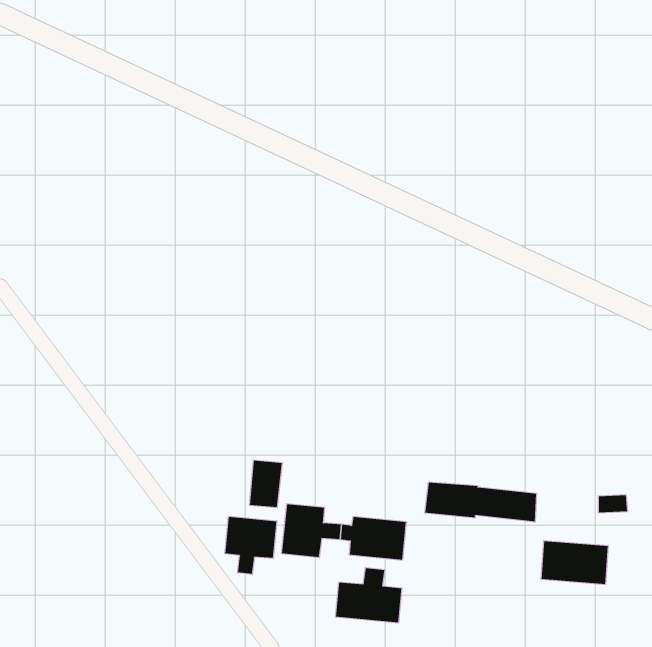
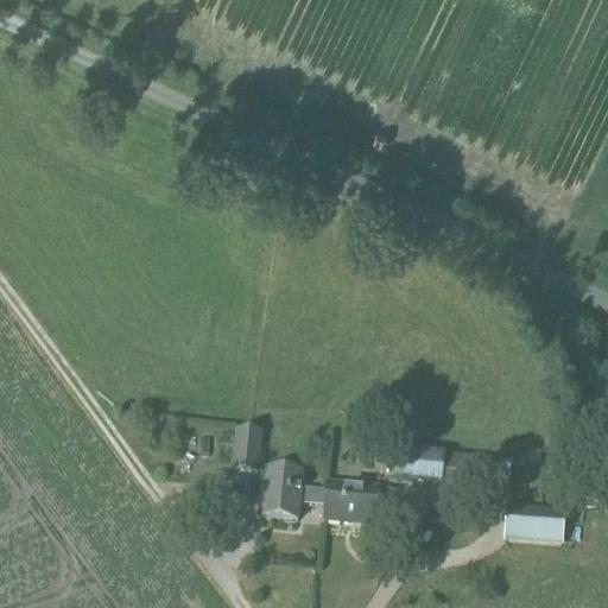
building: [225,516,277,575] -> none
building: [335,567,402,623] -> none

